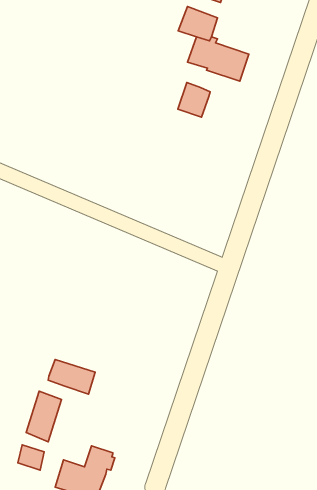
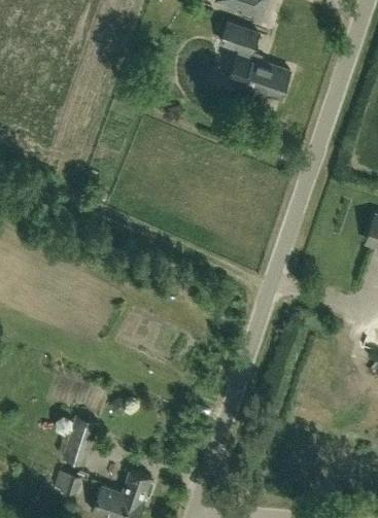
building: [178,82,210,117] -> none
building: [48,360,95,394] -> none

